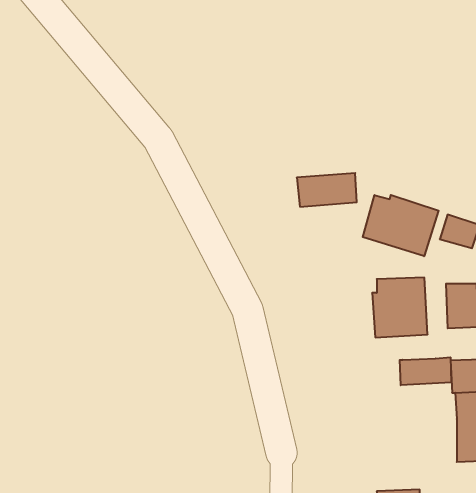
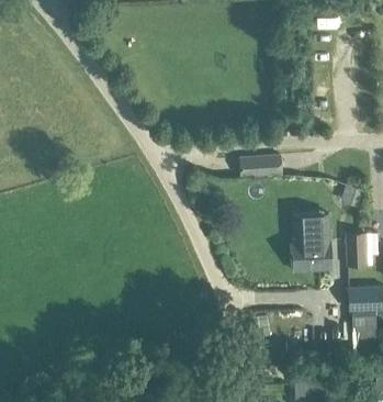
building: [363,195,439,256] -> none
building: [400,357,451,385] -> none

